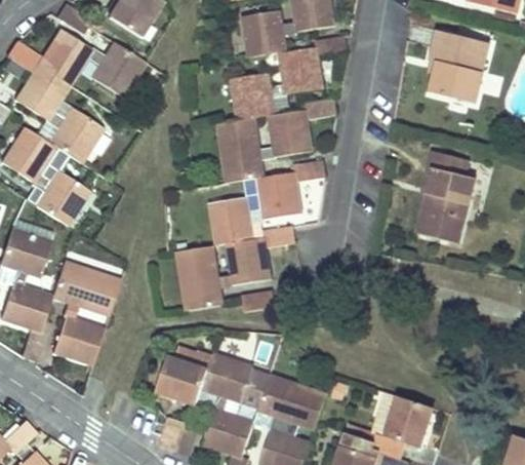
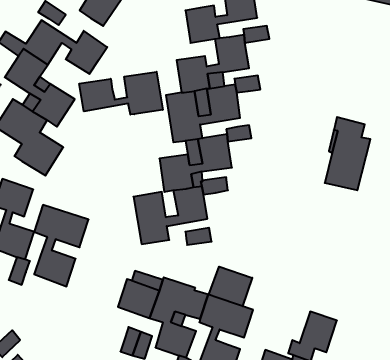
building: [430,31,489,103] -> none
building: none -> [79,72,163,115]
building: none -> [209,267,252,306]

